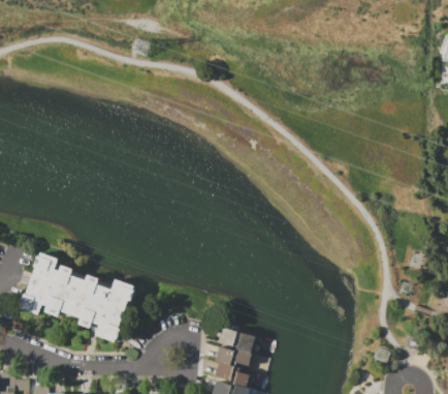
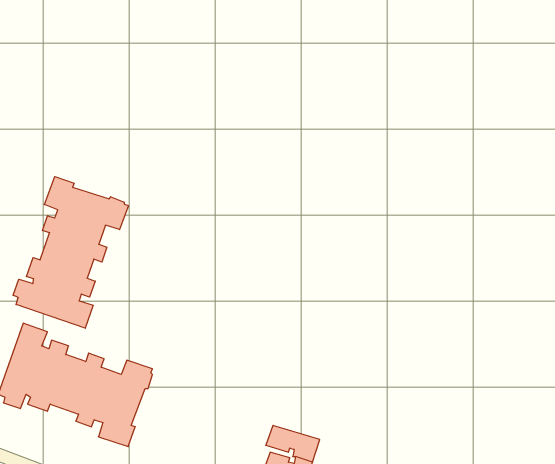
building: none -> [13,177,128,328]

